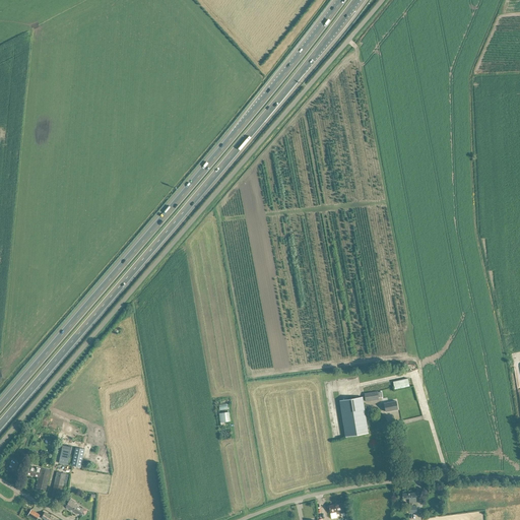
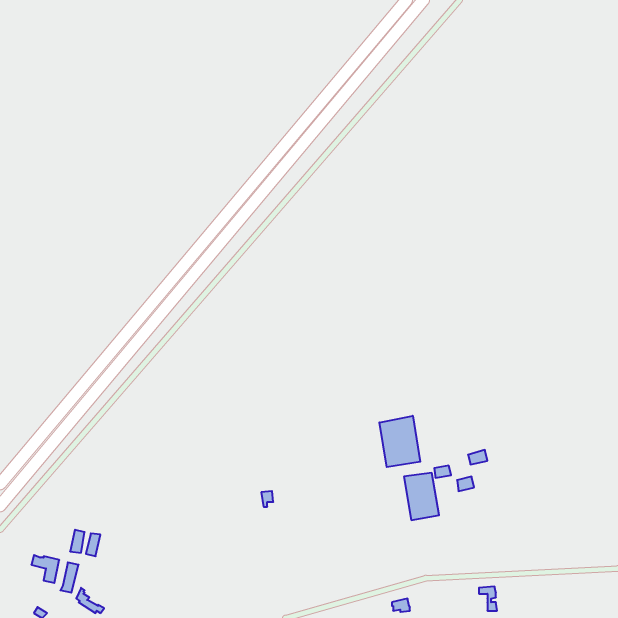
building: none -> [379,416,420,467]

